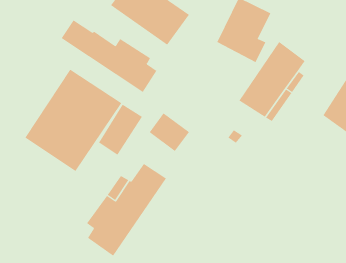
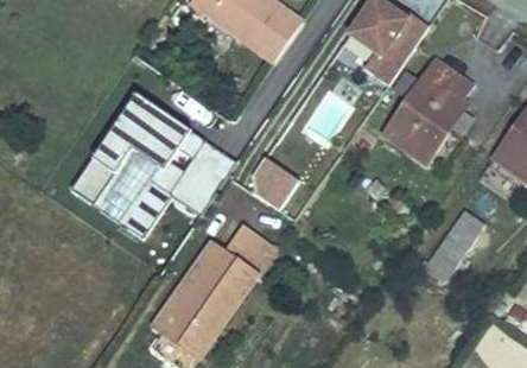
building: [61,20,157,93] -> none
building: none -> [419,212,478,284]

